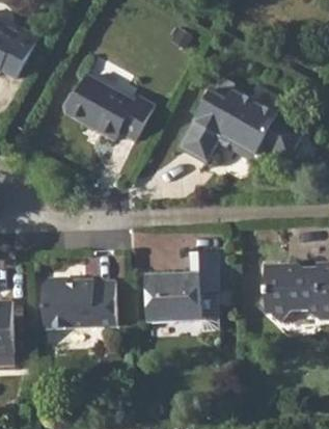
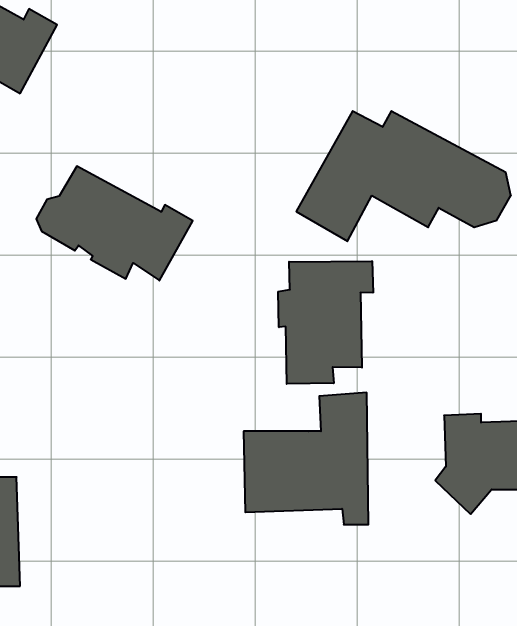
building: [62,73,155,140] -> [36,166,193,281]
building: none -> [278,261,373,384]
building: [45,277,116,328] -> none

